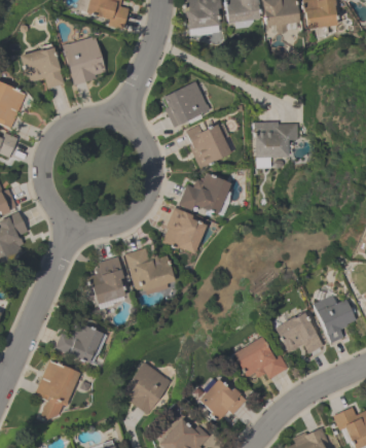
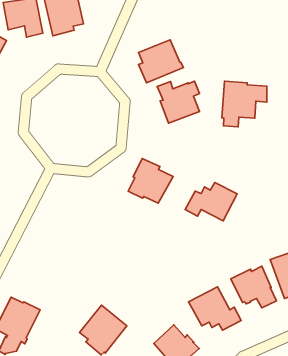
building: [178,174,230,213] -> [185,182,237,221]
building: [124,247,175,295] -> none
building: [86,256,126,303] -> none
building: [56,320,107,364] -> none

